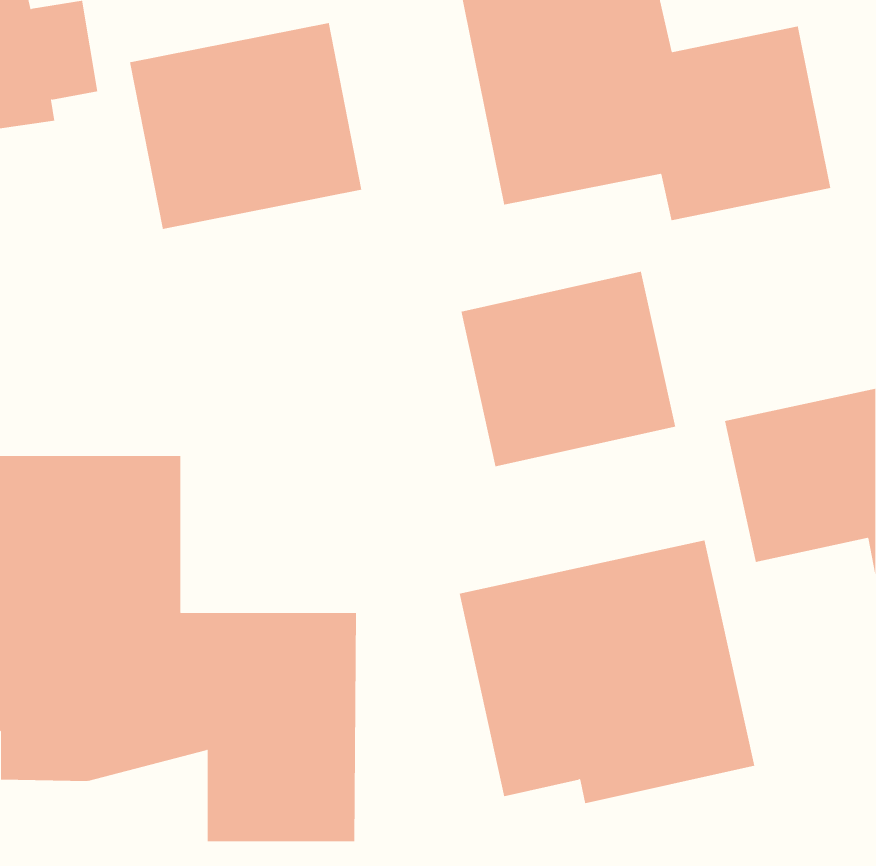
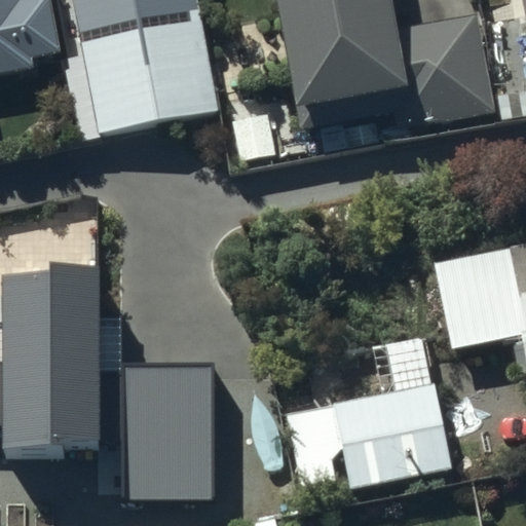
building: [461,271,676,467] -> none

